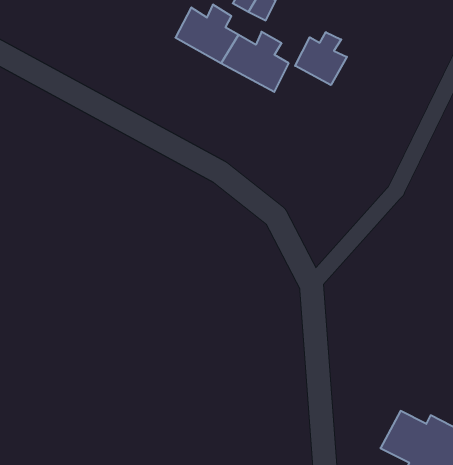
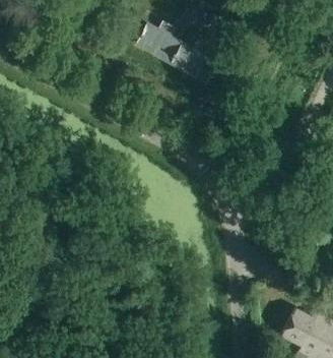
building: [295,32,347,85] -> none

